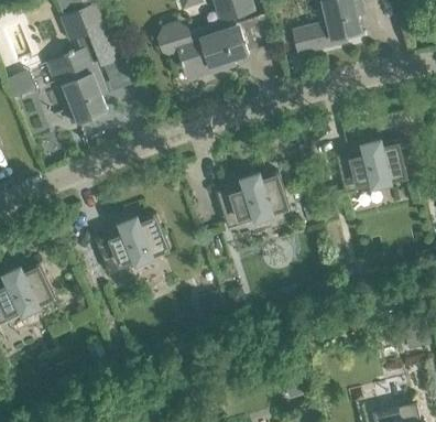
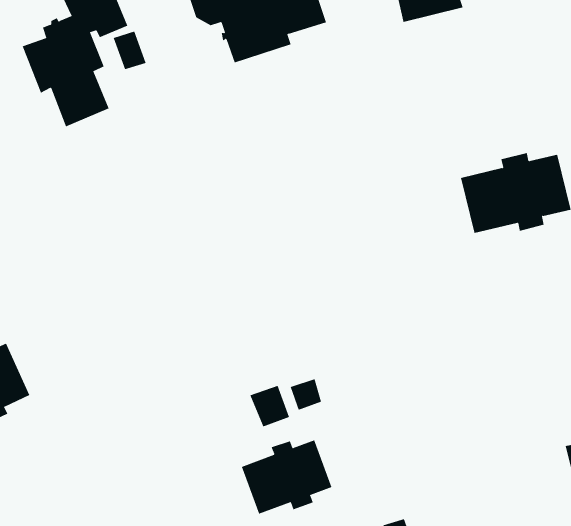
building: [216,172,290,228] -> none
building: [95,214,170,273] -> none
building: none -> [241,439,332,515]

